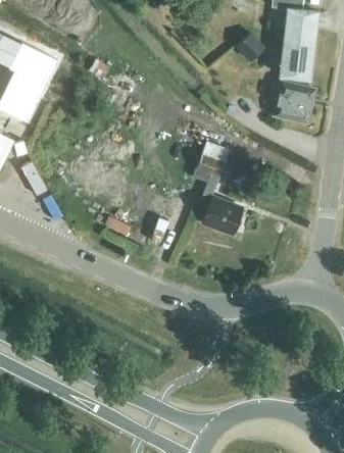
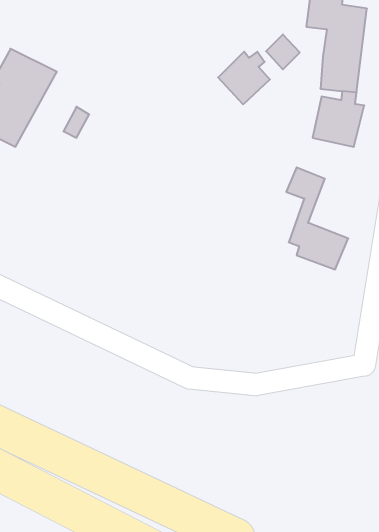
building: none -> [218,52,270,104]
building: [194,152,243,233] -> [286,167,348,269]

